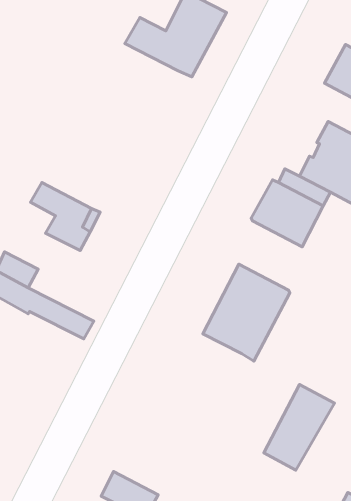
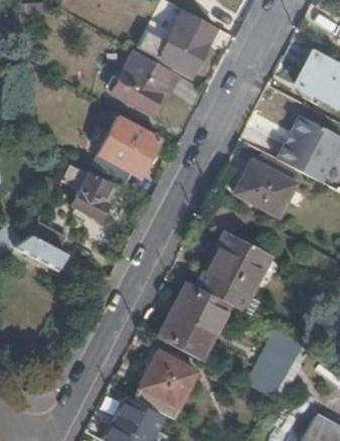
building: none -> [113,51,178,115]
building: none -> [92,117,158,185]
building: none -> [158,281,229,358]
building: none -> [133,352,196,418]

